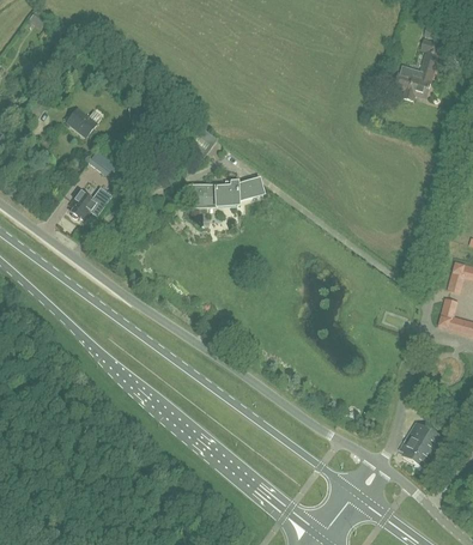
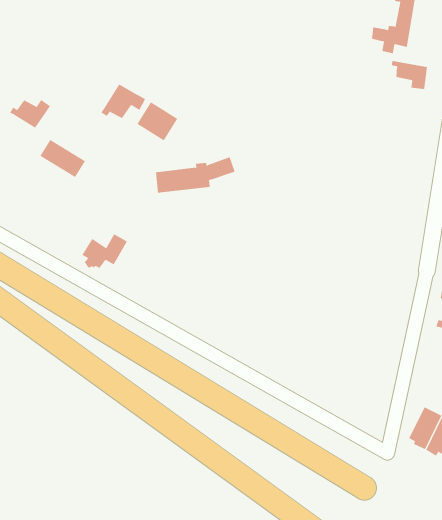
building: none -> [101,84,146,119]
building: none -> [391,60,427,90]
building: [67,188,110,219] -> [82,233,128,269]

